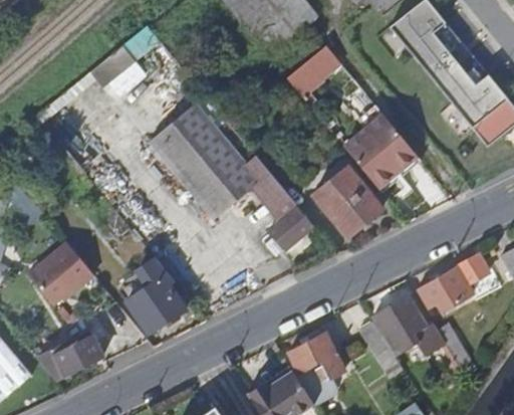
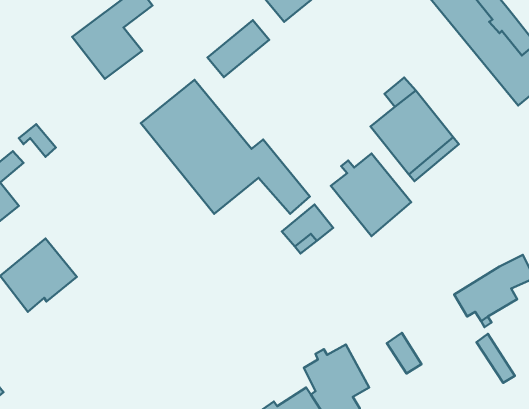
building: [289,43,342,92] -> [207,20,269,77]
building: [127,258,184,333] -> none
building: [373,296,427,356] -> none
building: [32,335,101,380] -> none

